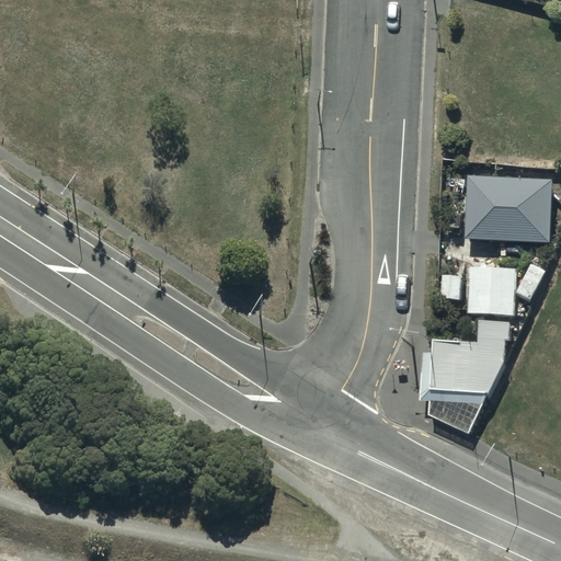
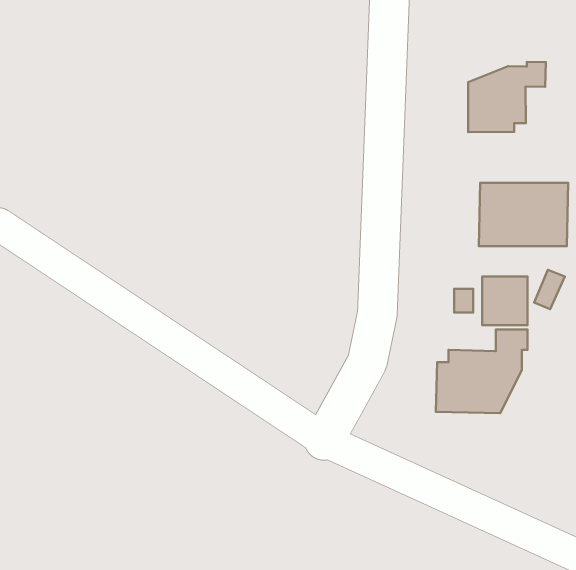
building: none -> [468,62,546,132]

